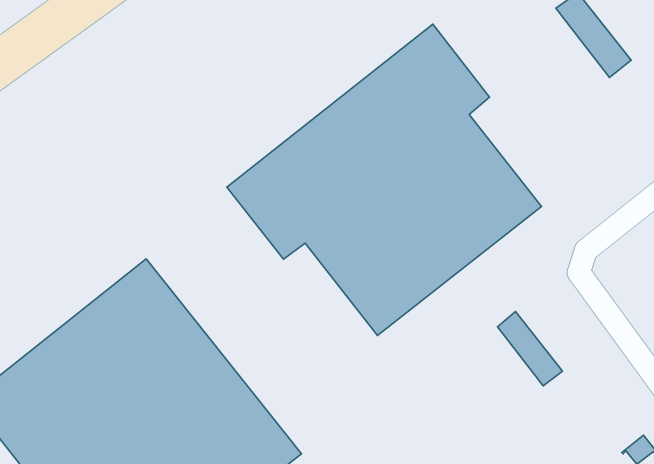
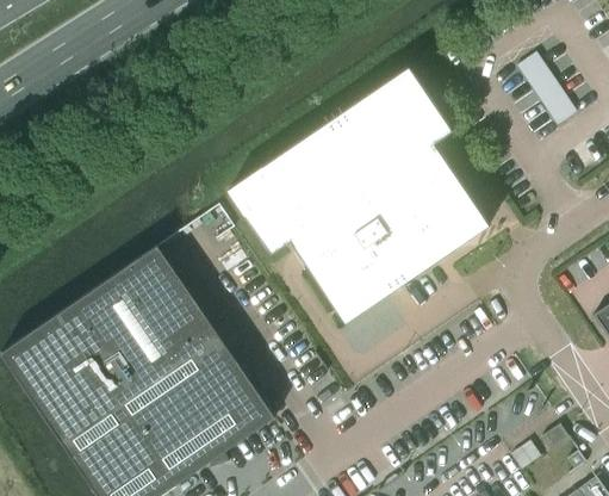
building: [497,312,563,386] -> none

